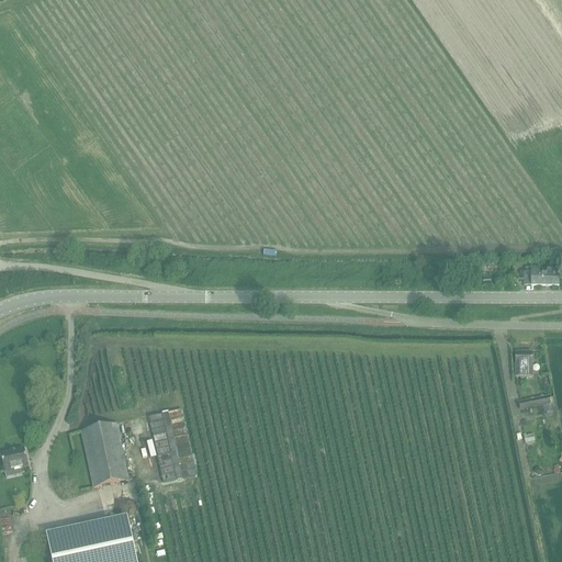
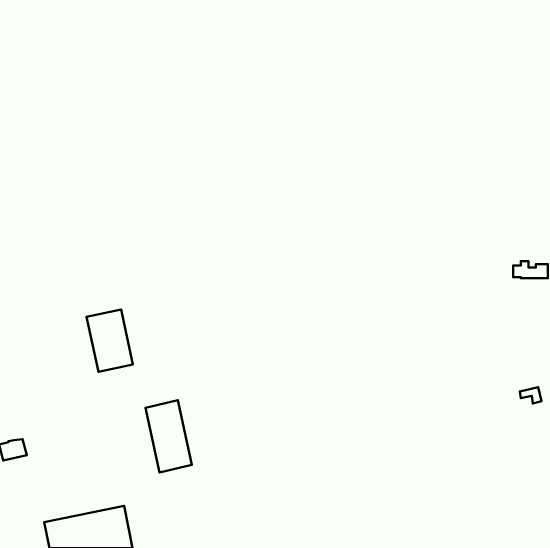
building: [514,350,531,375] -> none
building: [80,422,127,485] -> [87,309,133,372]

